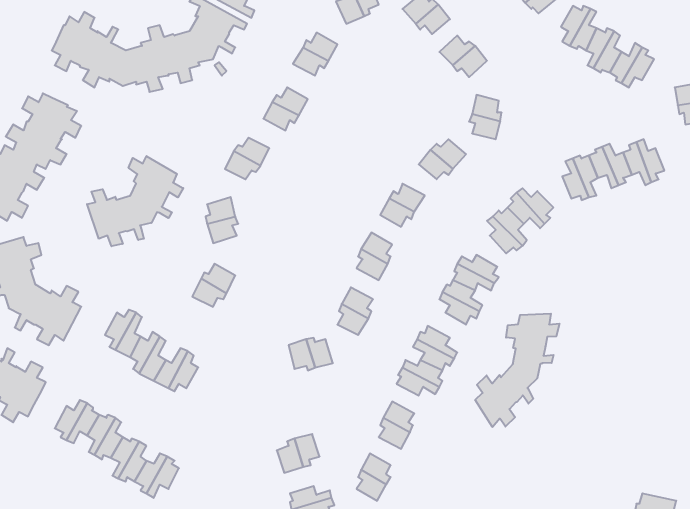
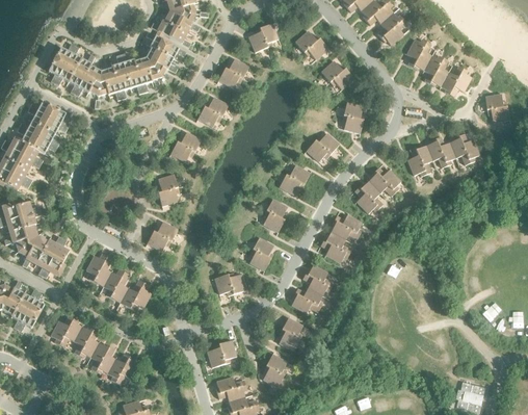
building: [87,156,183,246] -> none
building: [475,314,559,427] -> none

